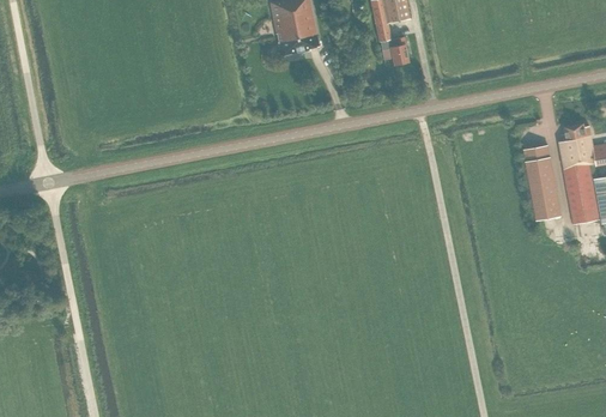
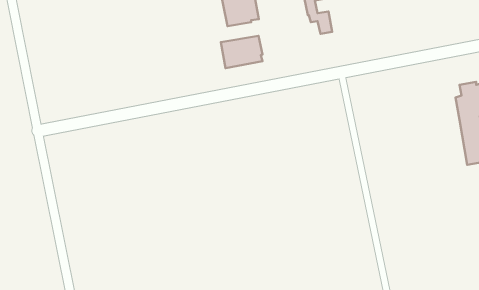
building: none -> [221,36,262,68]
building: [523,144,560,218] -> none

